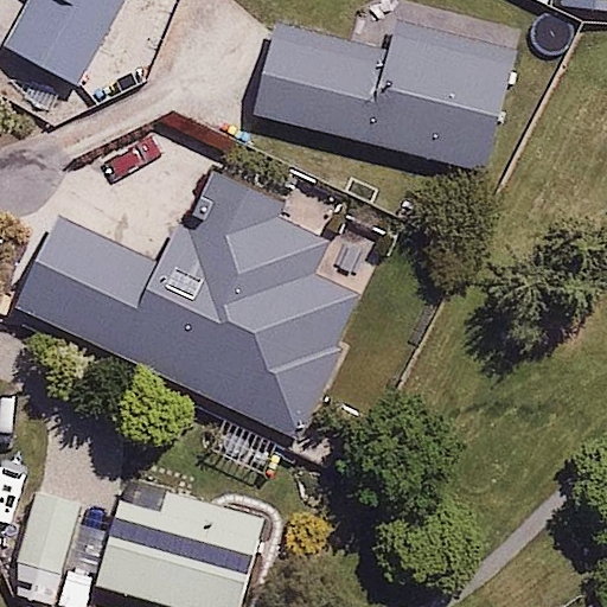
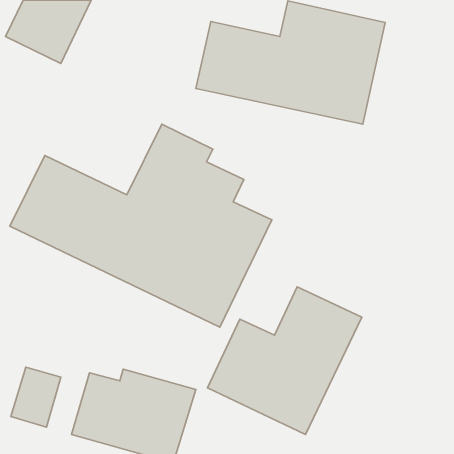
building: none -> [208,287,362,434]

